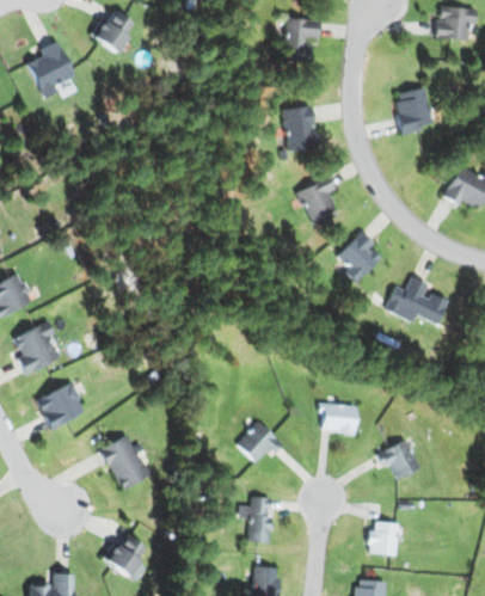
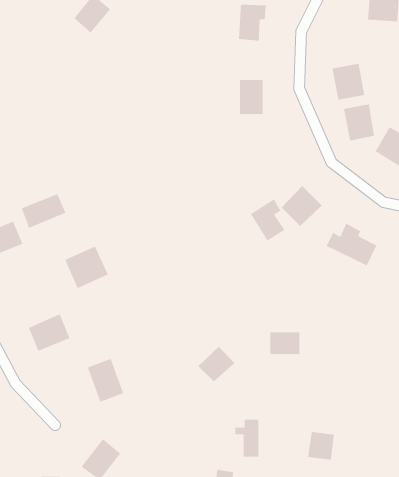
building: [29,41,75,100] -> none
building: none -> [343,104,375,142]
building: [295,174,337,225] -> [250,199,285,241]
building: none -> [21,193,66,229]
building: [13,321,66,373] -> [64,245,109,289]
building: [379,438,424,479] -> none
building: [242,497,271,542] -> [235,419,259,457]

